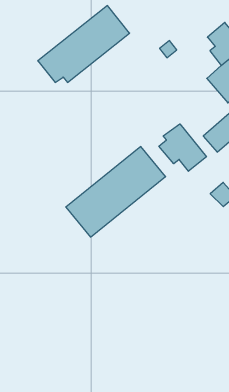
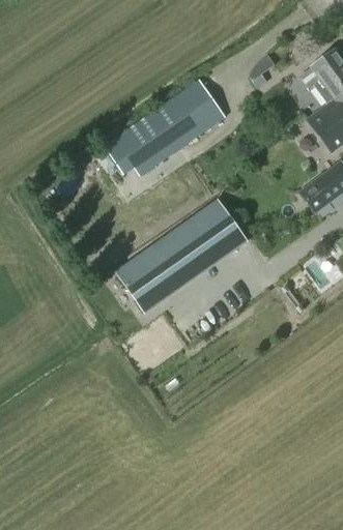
building: [38,6,130,82] -> [105,79,225,174]
building: [159,124,206,171] -> none

